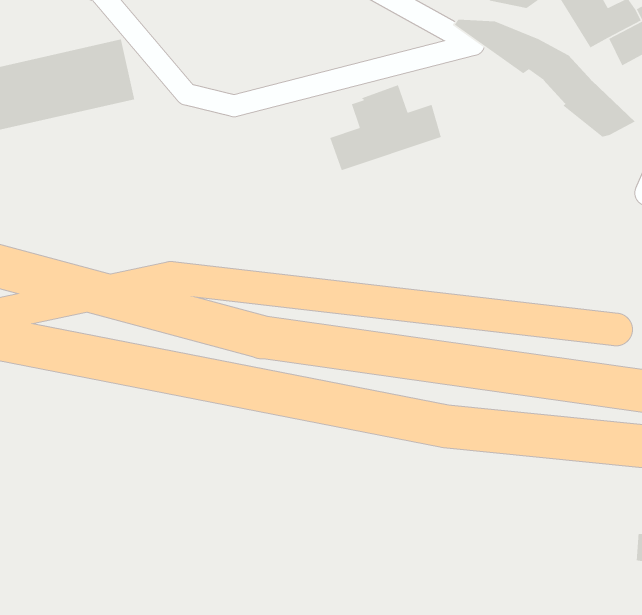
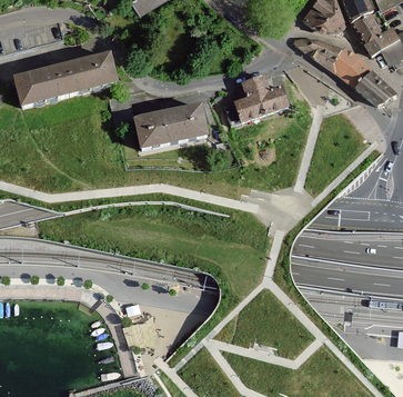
building: none -> [132,101,209,148]

